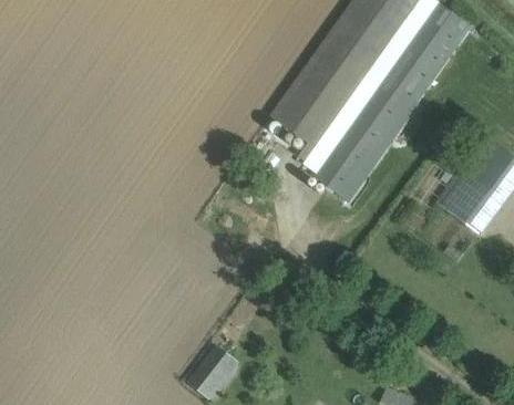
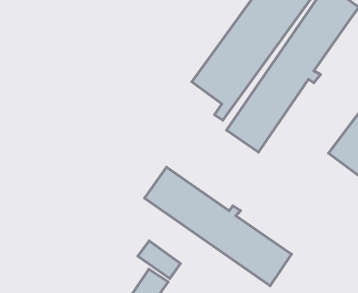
building: none -> [145,167,292,286]
building: none -> [138,241,181,279]

